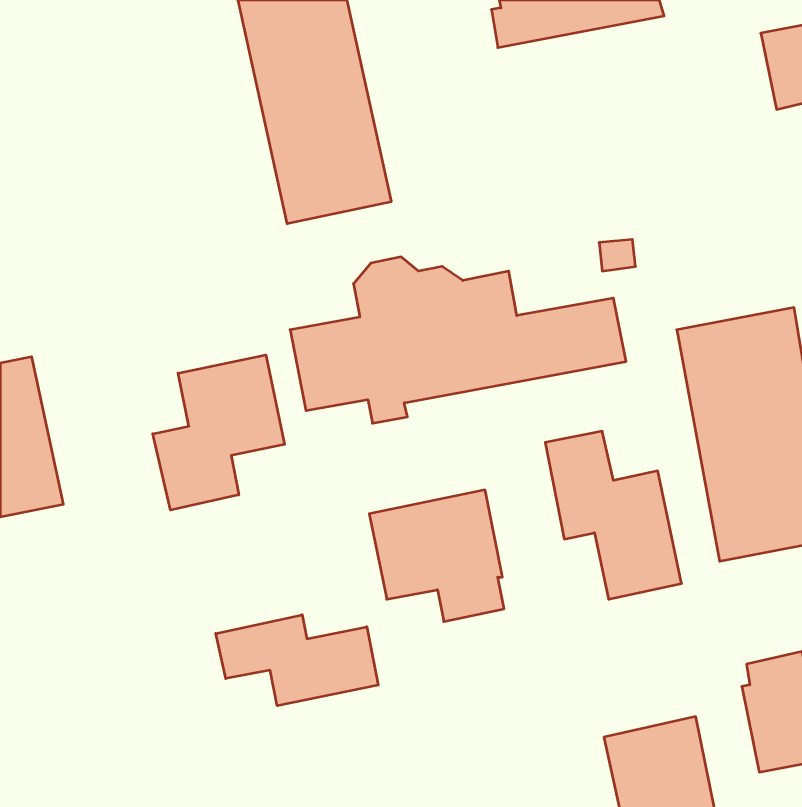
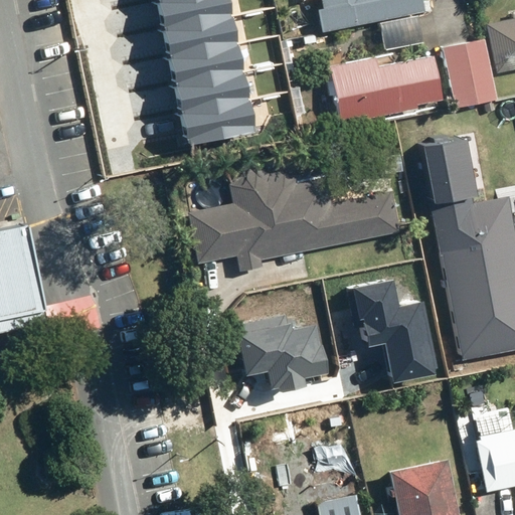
building: none -> [445,39,497,108]
building: none -> [331,54,443,120]
building: none -> [426,139,481,200]
building: [153,355,285,510] -> none
building: [216,615,378,706] -> none

